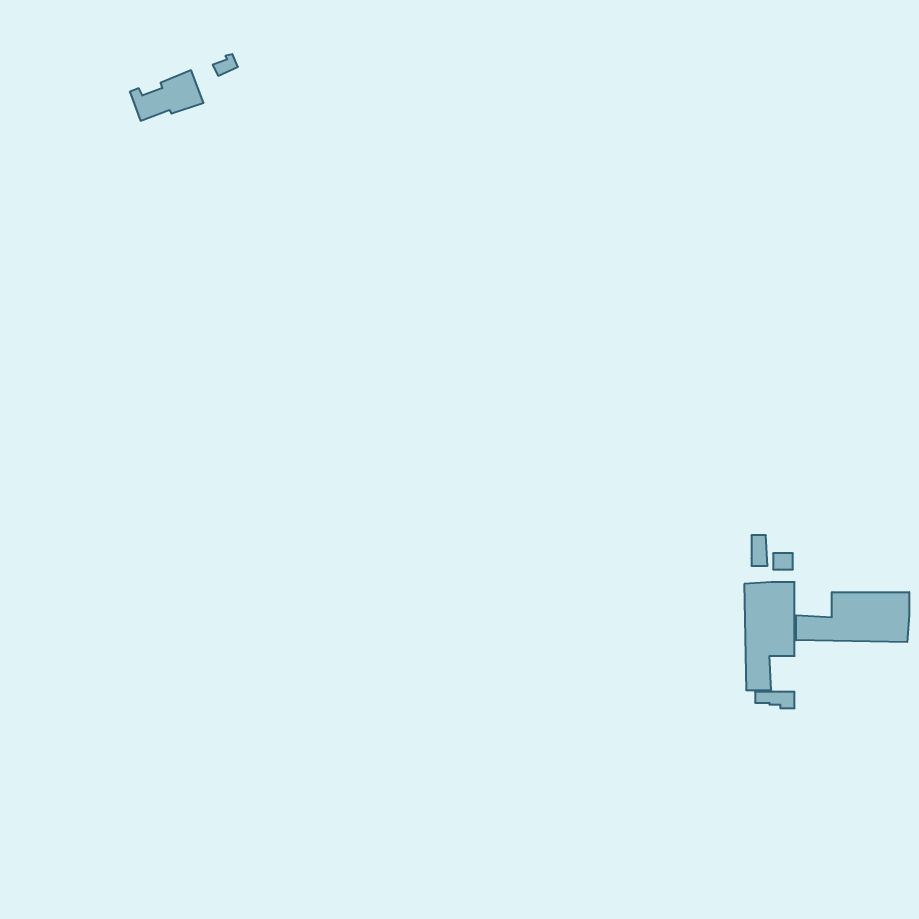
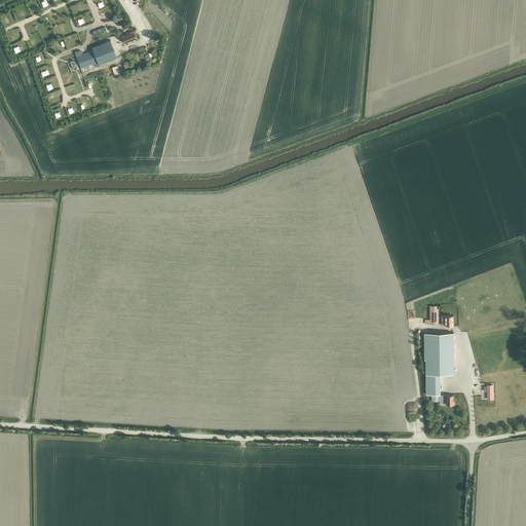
building: [796,592,909,642] -> none

